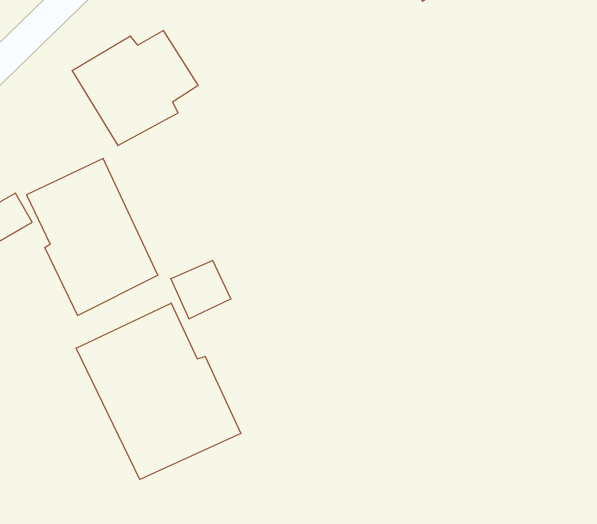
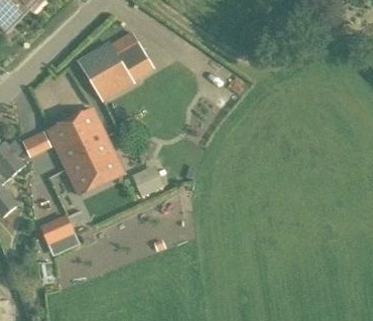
building: [76,303,241,479] -> none
building: none -> [40,215,76,249]

